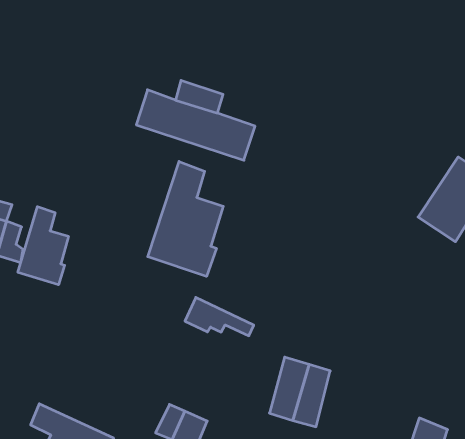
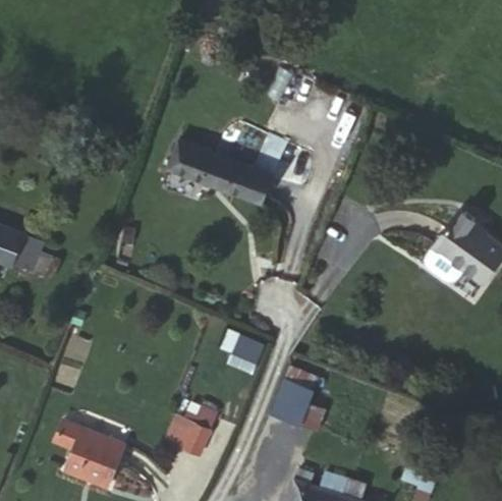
building: [148,161,223,276] -> none
building: [18,207,68,285] -> none

